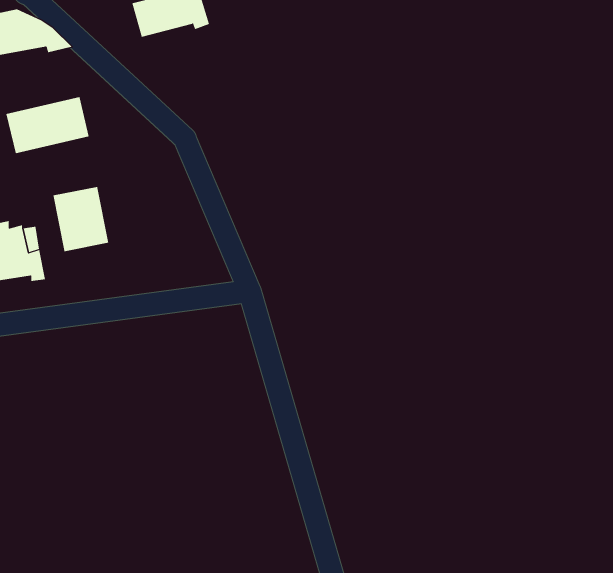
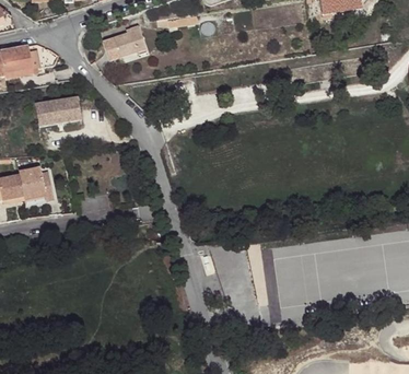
building: [53,186,109,252] -> none

